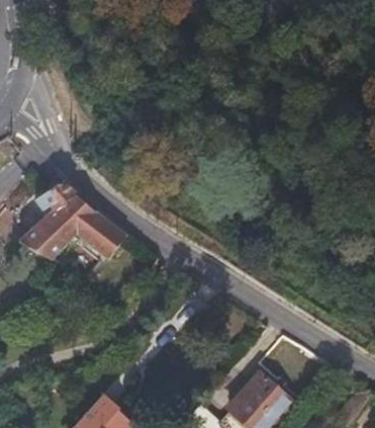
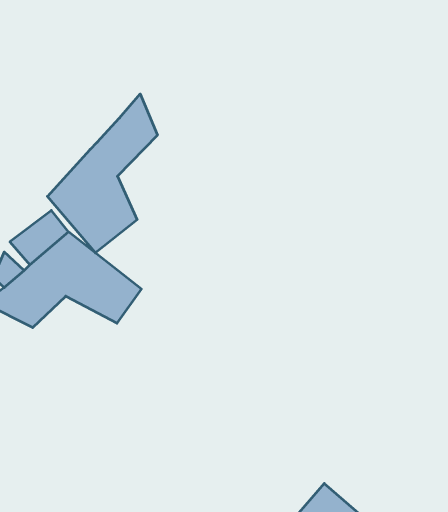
building: none -> [47,94,157,253]

